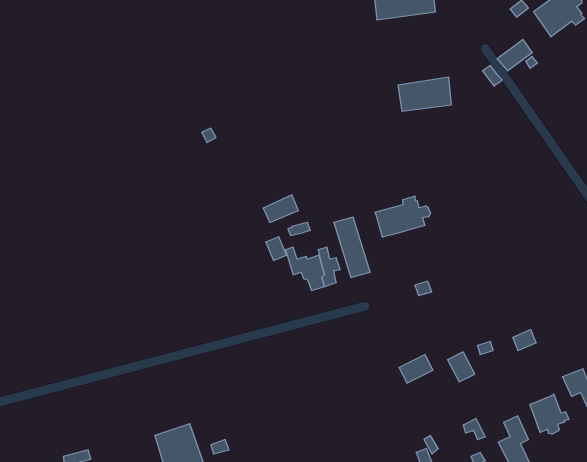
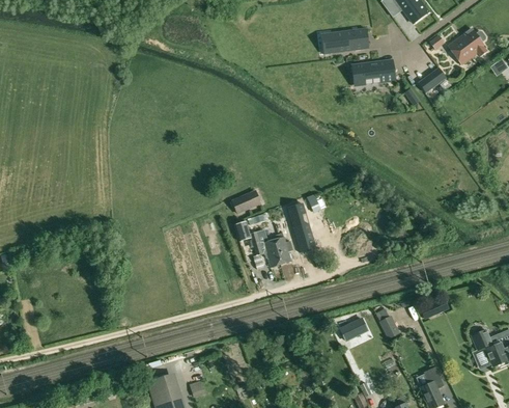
building: [398,77,451,111] -> [351,58,394,85]
building: [375,196,430,237] -> none
building: [530,394,569,434] -> none

